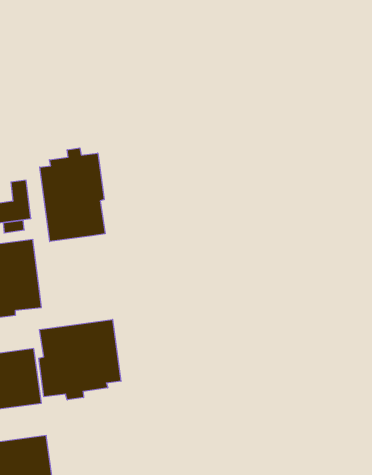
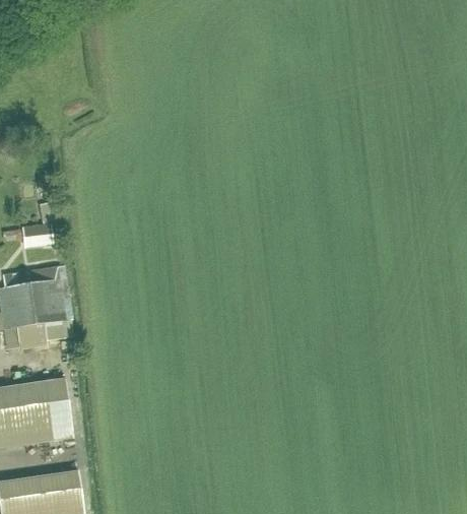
building: [40,148,105,242] -> none
building: [39,319,121,400] -> none

